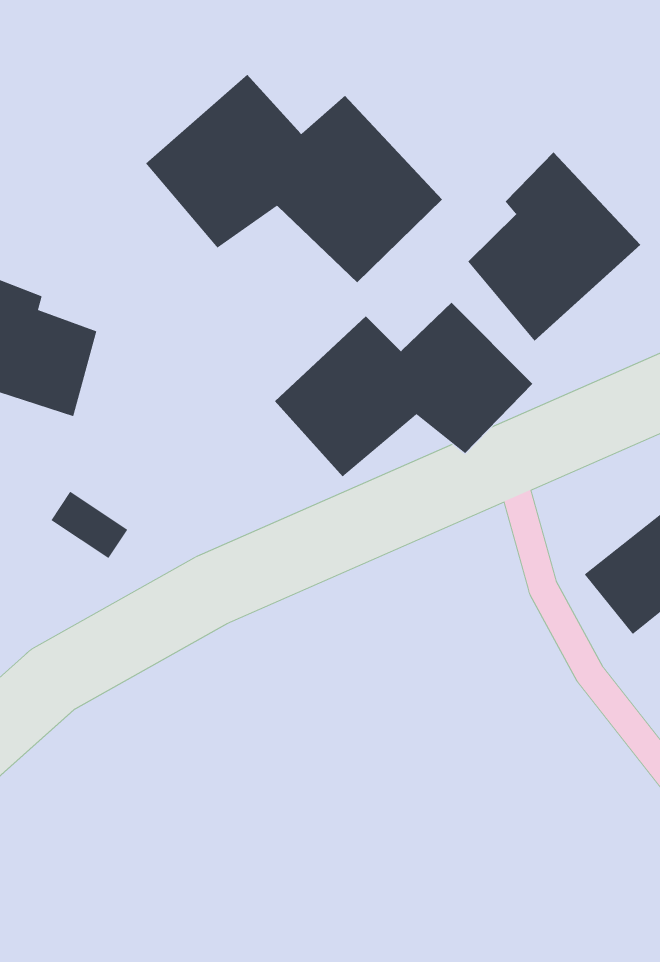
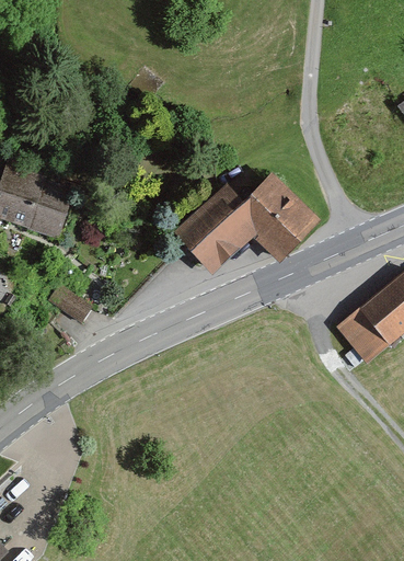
building: [145,74,443,283] -> none
building: [468,151,641,341] -> none

